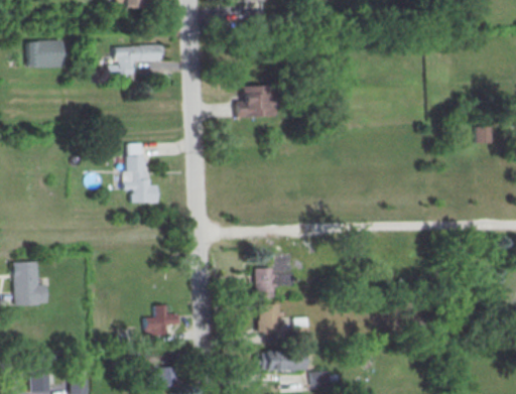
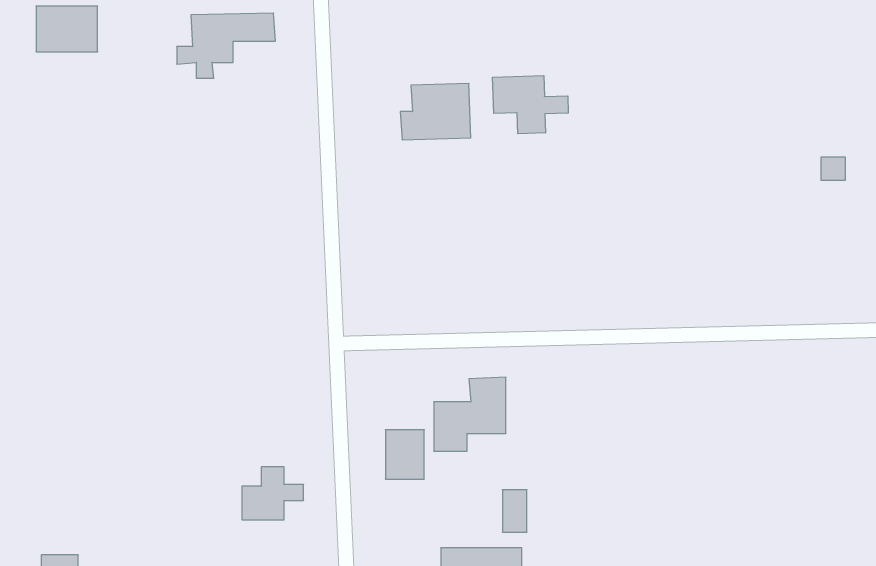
building: none -> [493,76,568,134]
building: [123,143,157,204] -> none
building: [14,262,47,306] -> none
building: [258,304,280,333] -> [385,430,424,479]

